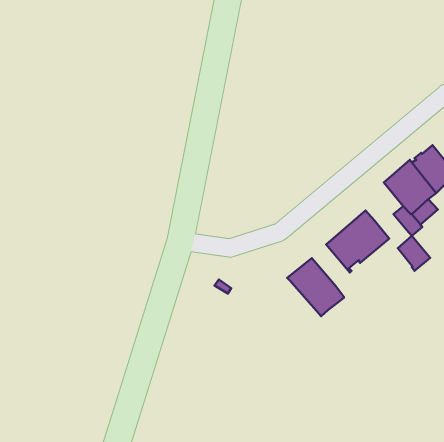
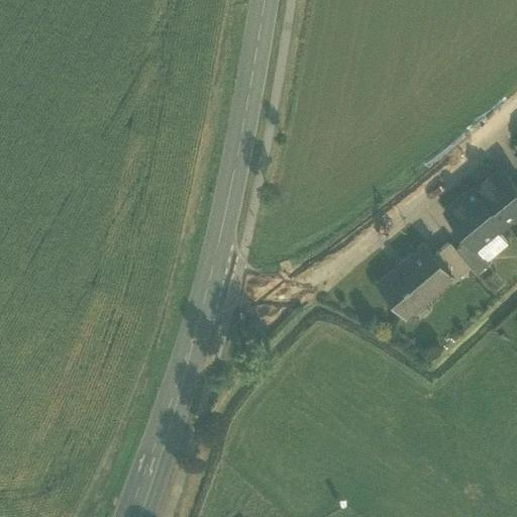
building: [398,236,430,271] -> [435,245,473,286]
building: [287,258,344,316] -> none

